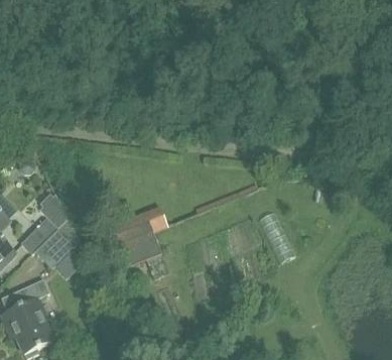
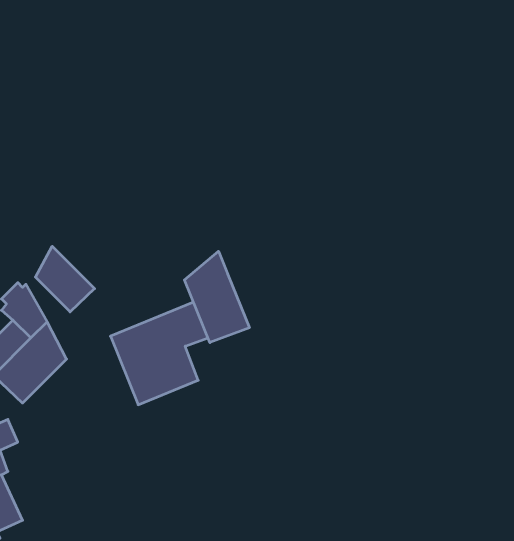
building: none -> [35,246,95,312]
building: none -> [184,251,249,343]

